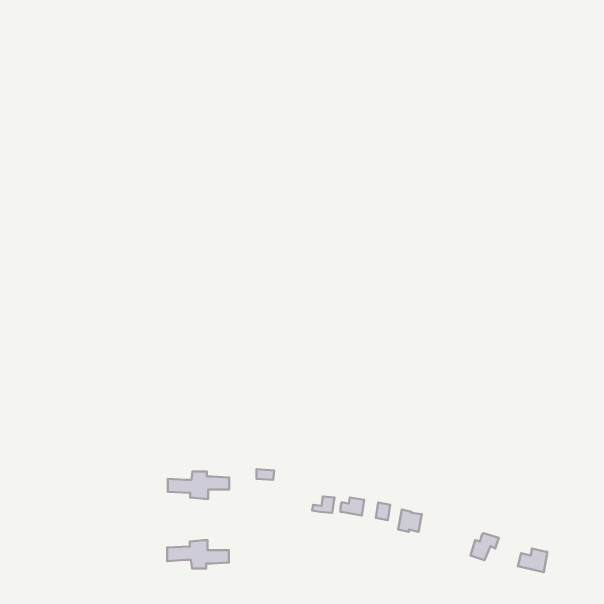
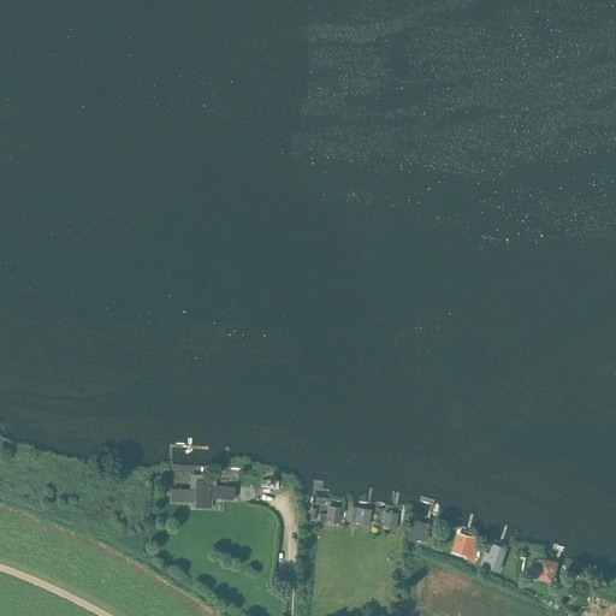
building: none -> [451,532,480,561]
building: [167,540,229,569] -> none

